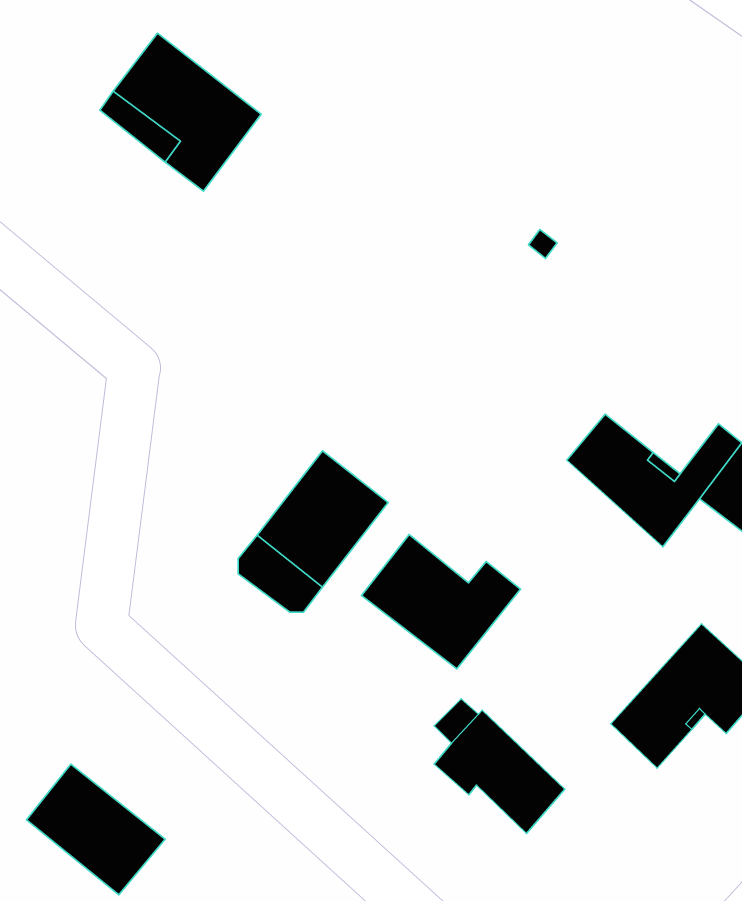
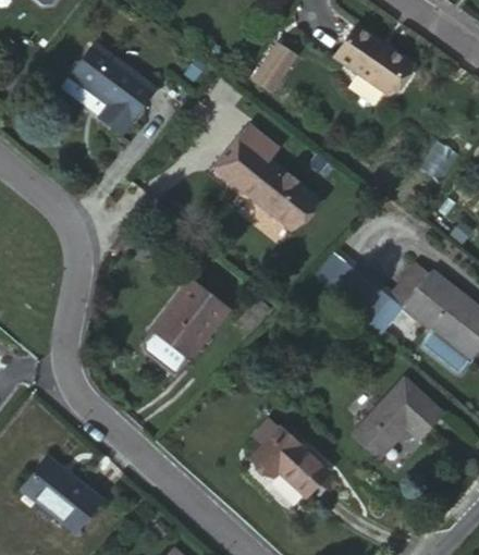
building: none -> [339,29,415,98]
building: none -> [254,38,300,94]
building: none -> [216,125,316,227]
building: [362,535,520,669] -> none

